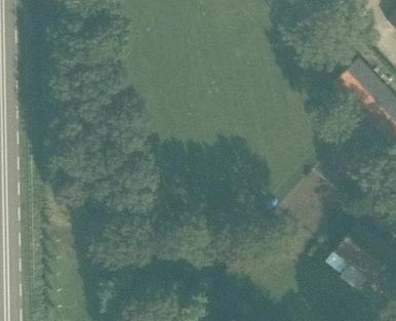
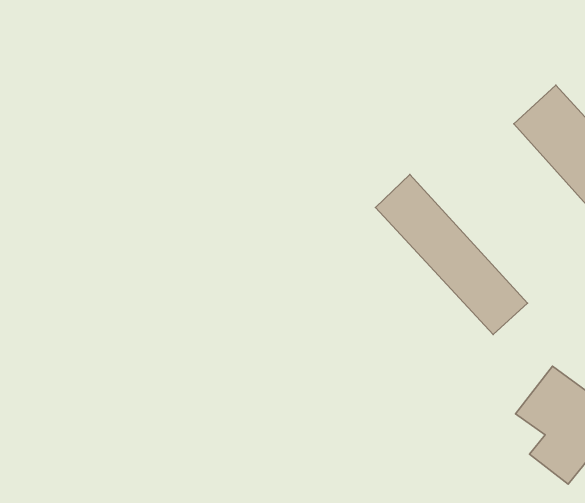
building: none -> [376,174,528,335]

